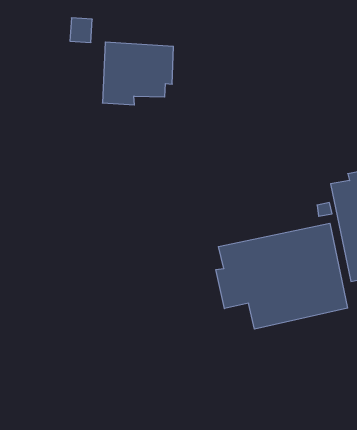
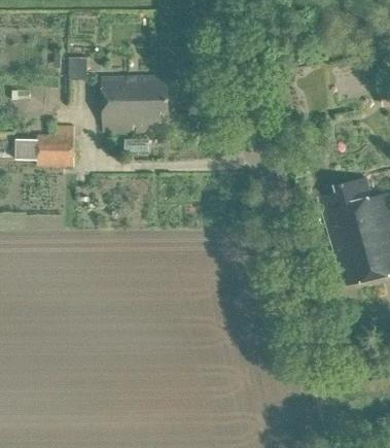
building: none -> [17,124,76,165]
building: [216,223,348,329] -> none

